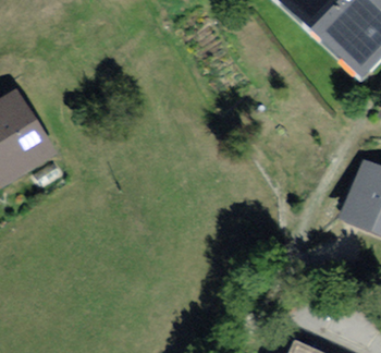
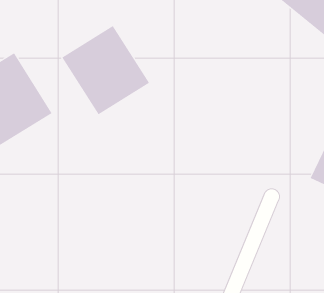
building: none -> [62,25,150,115]

